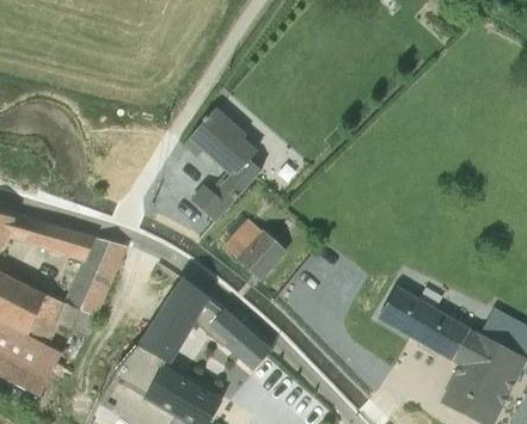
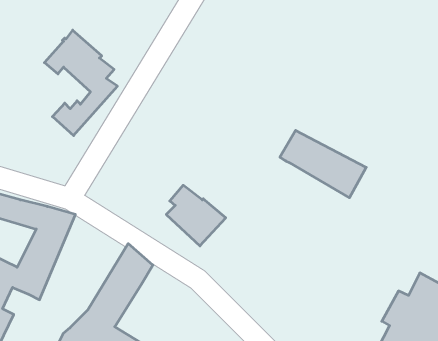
building: [183,109,261,221] -> [44,30,117,136]
building: [378,288,470,360] -> [280,130,366,198]
building: [209,308,270,370] -> none

